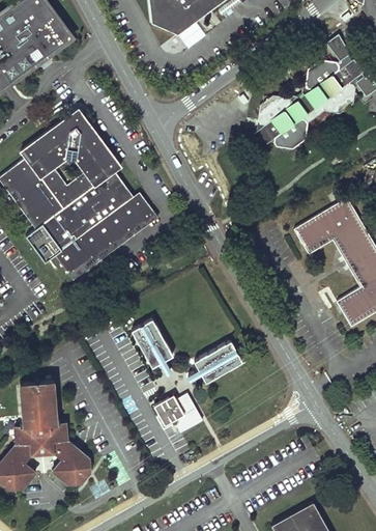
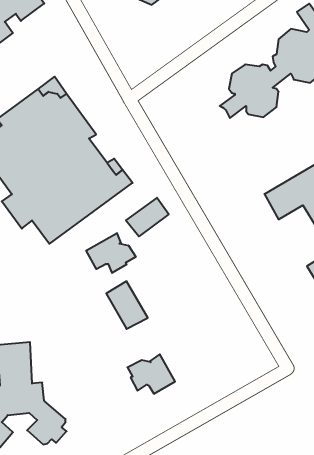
building: none -> [126,198,169,236]
building: none -> [86,233,136,273]
building: [194,340,243,383] -> none

